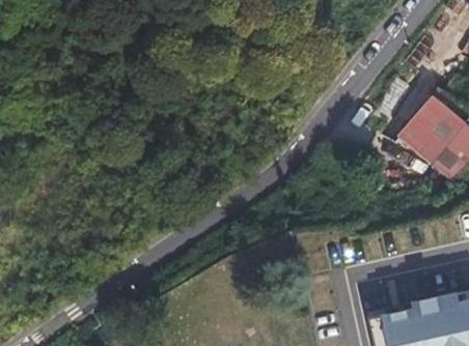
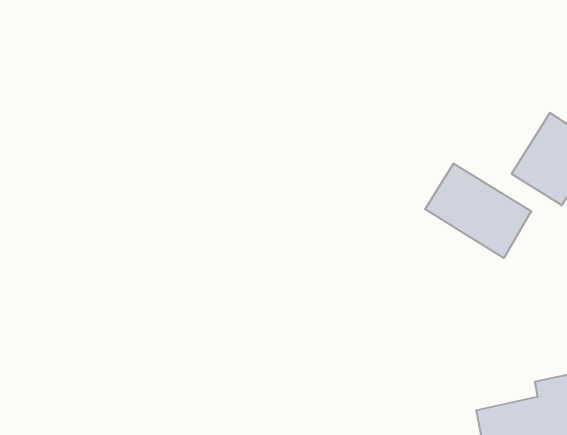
building: none -> [425,163,531,258]

